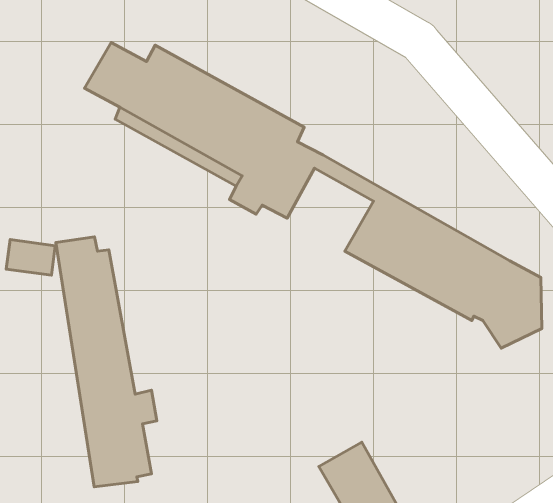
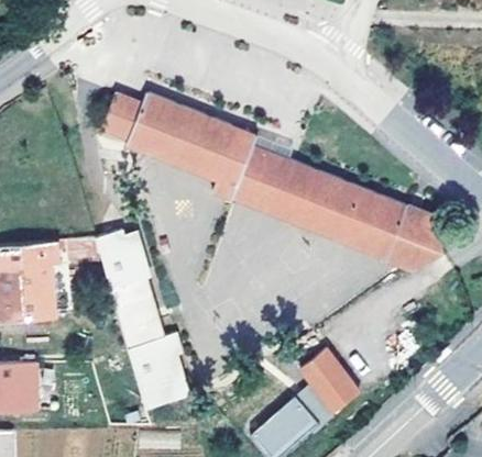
building: none -> [232,163,415,270]

